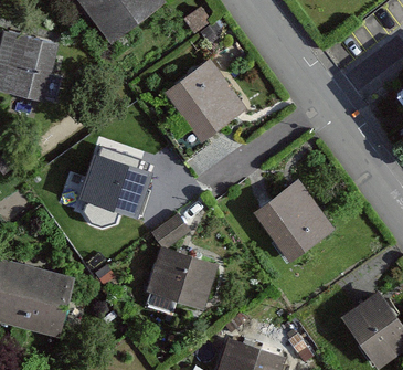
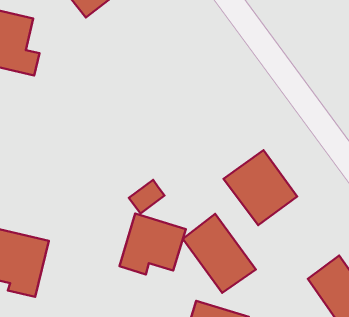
building: [161,60,244,160] -> none
building: [73,155,149,221] -> none
building: none -> [183,214,256,293]

